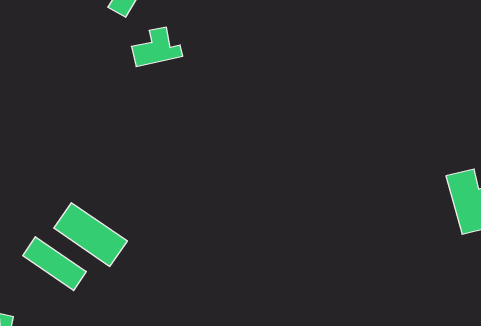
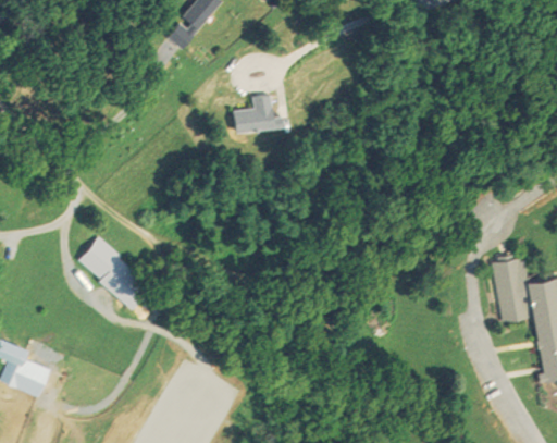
building: [131,27,183,67] -> [233,96,285,133]
building: [23,237,86,291] -> none

